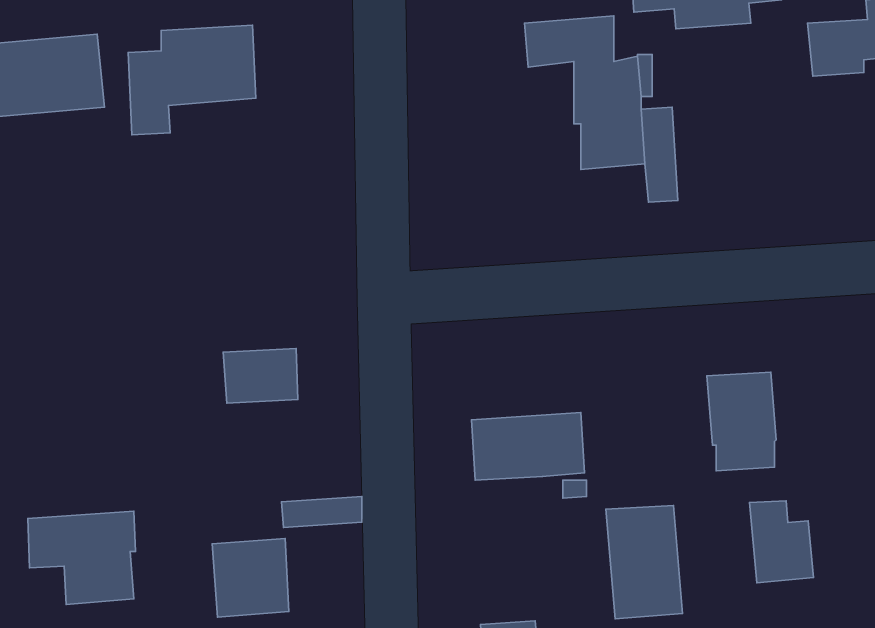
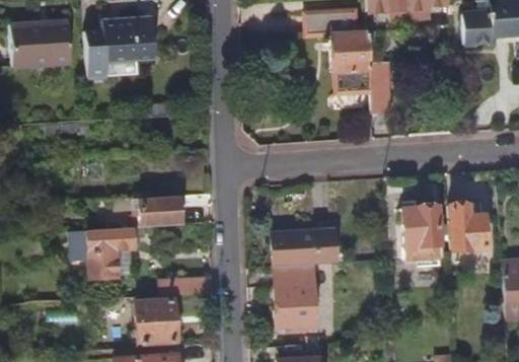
building: [750,501,813,583] -> [454,207,490,252]
building: [606,506,683,619] -> [277,267,319,330]
building: [28,511,136,604] -> [73,226,133,278]

